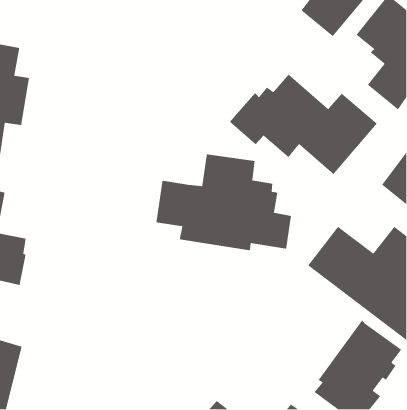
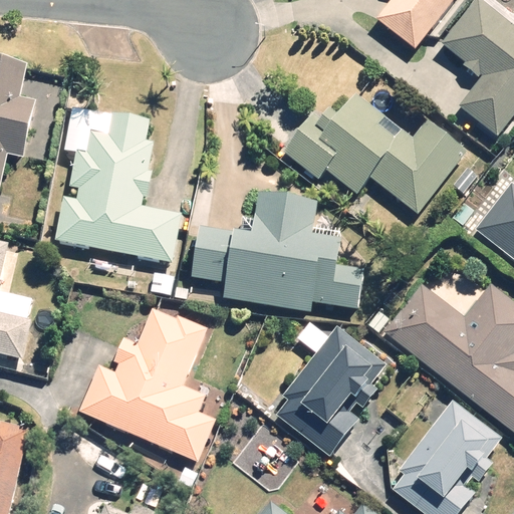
building: none -> [55,108,182,261]
building: none -> [76,303,216,461]
building: none -> [264,322,389,457]

